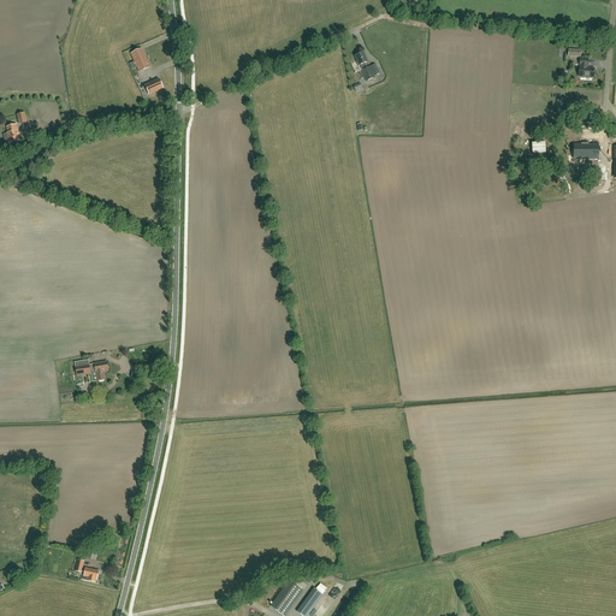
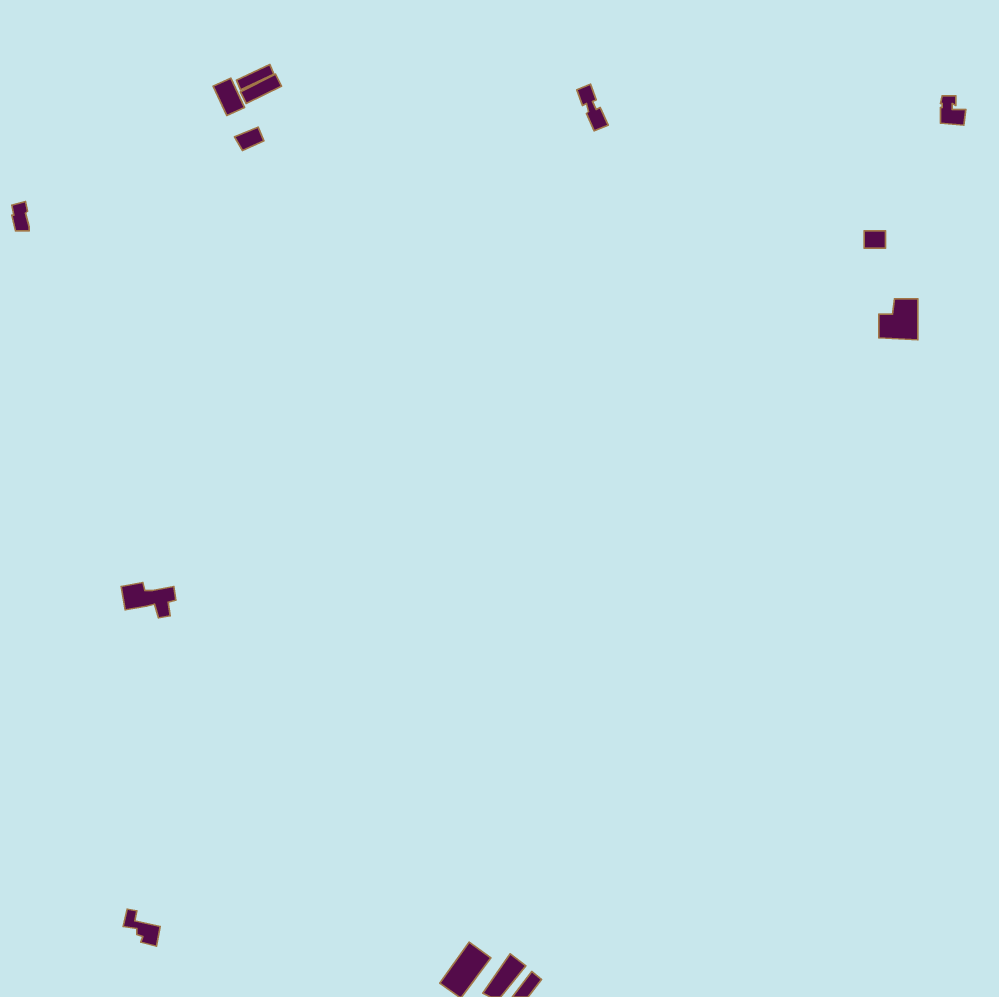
building: [574,134,598,159] -> [879,299,918,340]

